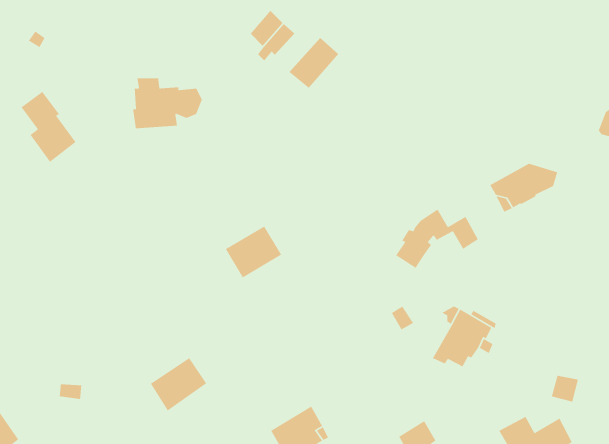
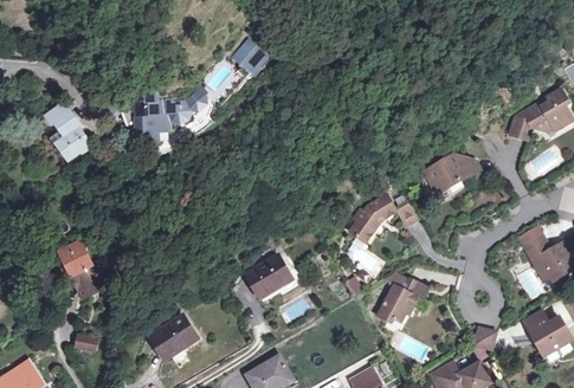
building: [288,37,339,89] -> none
building: [225,225,282,278] -> [245,253,291,296]
building: none -> [59,239,97,298]

